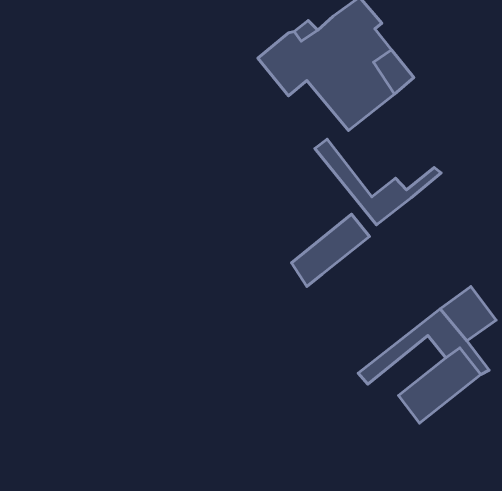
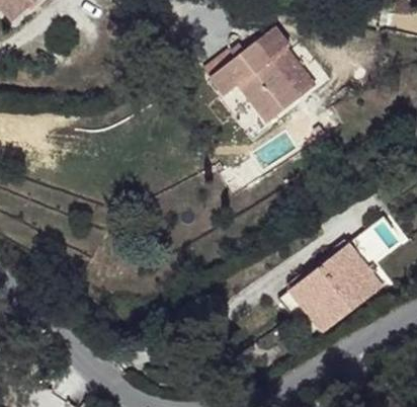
building: [315,139,441,225] -> none
building: [292,214,370,287] -> [282,271,339,324]

